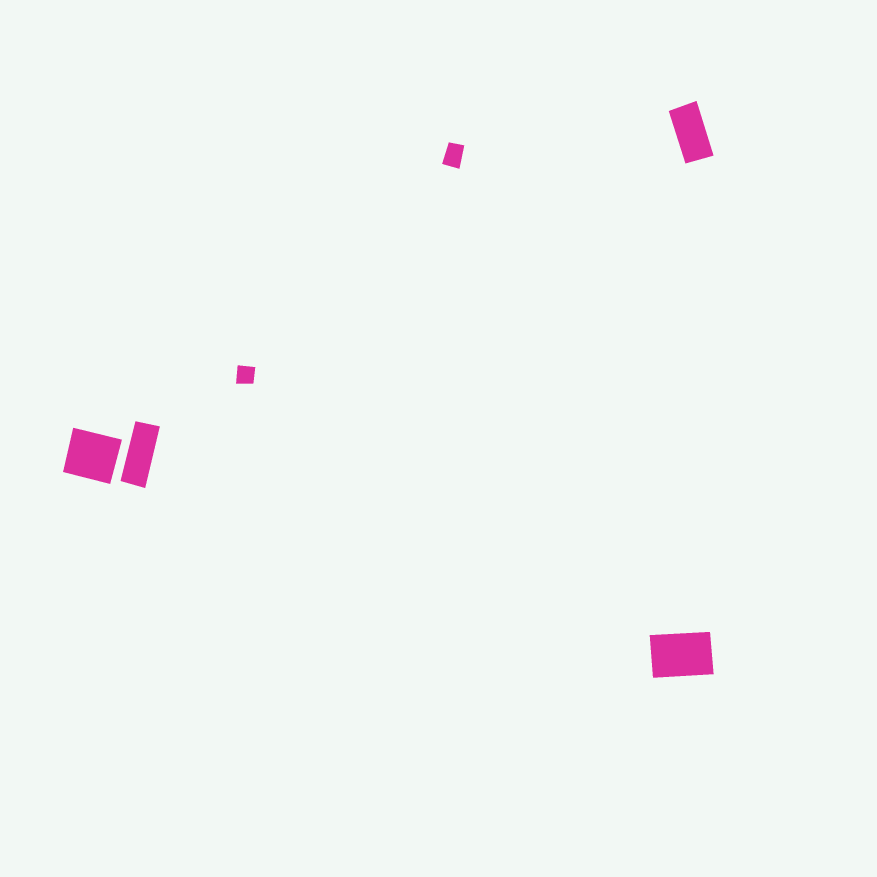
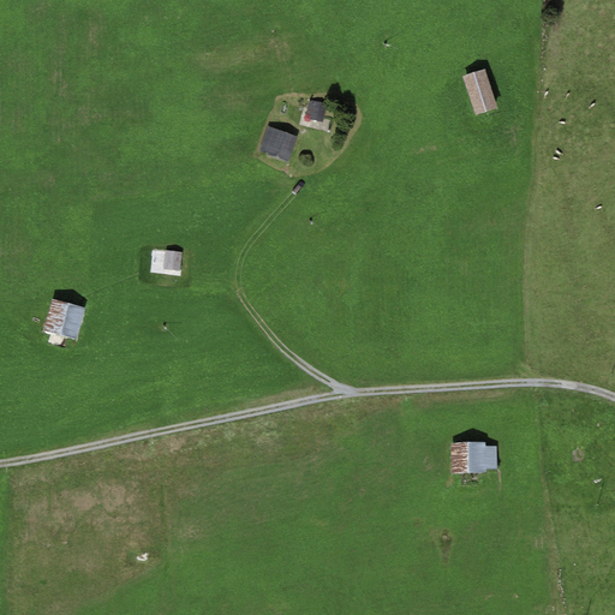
building: none -> [259,130,293,160]
building: [120,420,161,489] -> none

